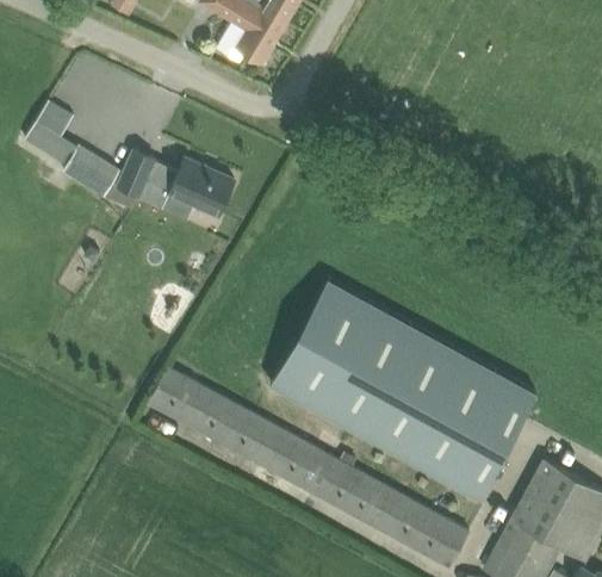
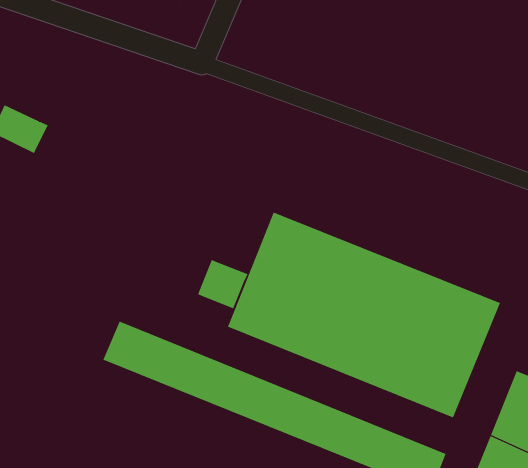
building: [118,151,235,221] -> none
building: none -> [198,259,248,309]

